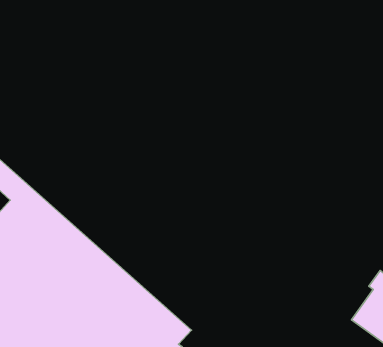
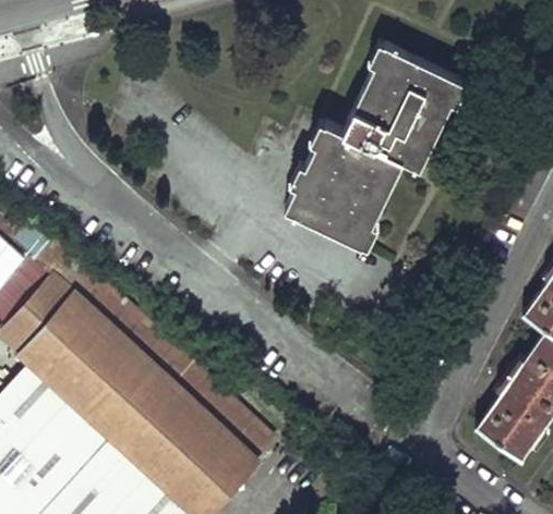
building: none -> [281,49,459,247]

